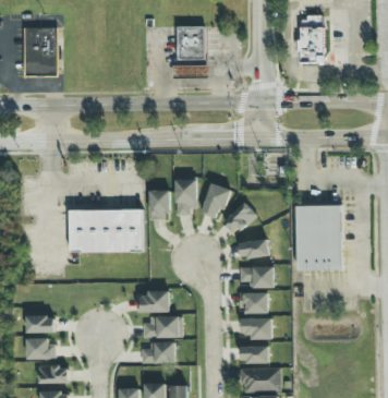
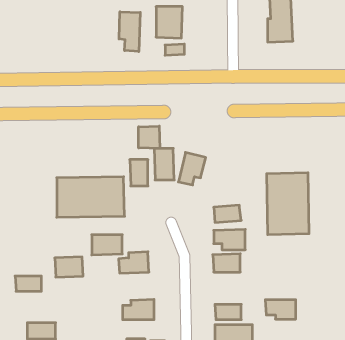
building: [24,27,57,76] -> none
building: none -> [119,12,140,52]
building: none -> [139,126,160,148]
building: [222,202,255,236] -> none
building: [145,316,178,338] -> [92,235,122,255]
building: [239,318,271,339] -> [265,300,296,319]
building: [25,338,56,360] -> [55,257,83,277]

